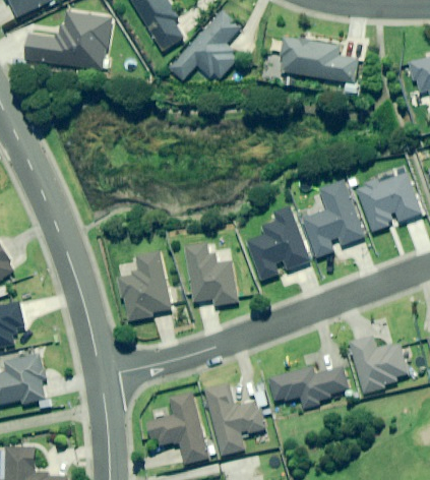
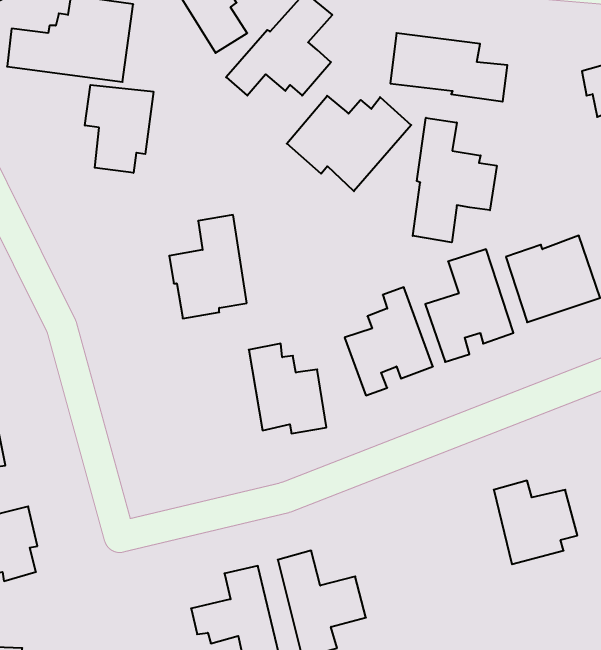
building: none -> [85,85,153,173]
building: none -> [287,96,411,191]
building: none -> [413,118,497,242]
building: [117,250,169,319] -> [169,215,247,318]
building: [266,365,347,408] -> none

